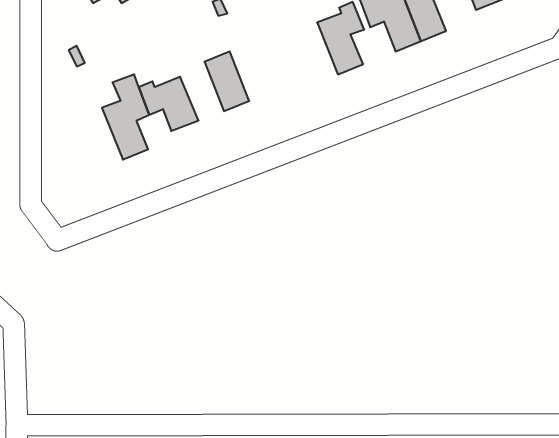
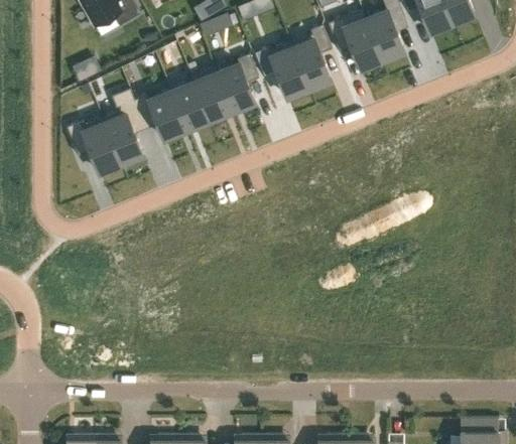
building: none -> [269,43,309,98]
building: none -> [215,54,259,112]
building: none -> [171,78,210,129]
building: none -> [68,118,121,172]

